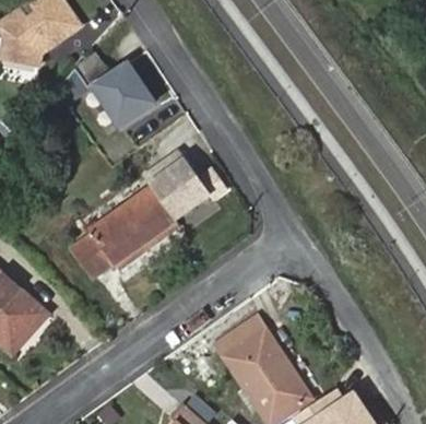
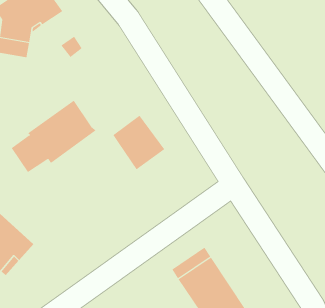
building: [93,62,154,127] -> none
building: [71,188,177,279] -> [11,100,96,173]

